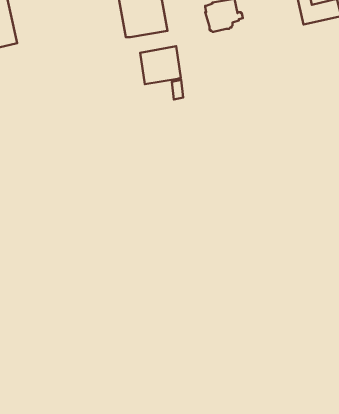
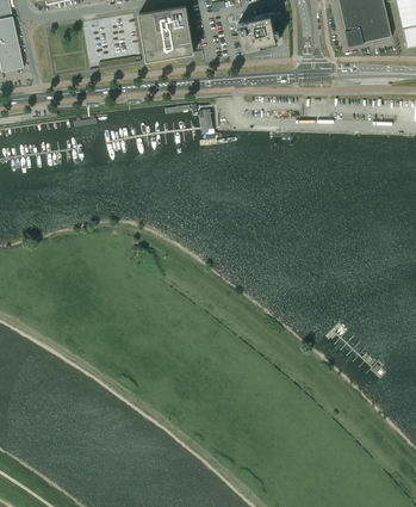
building: [140,46,181,84] -> none

